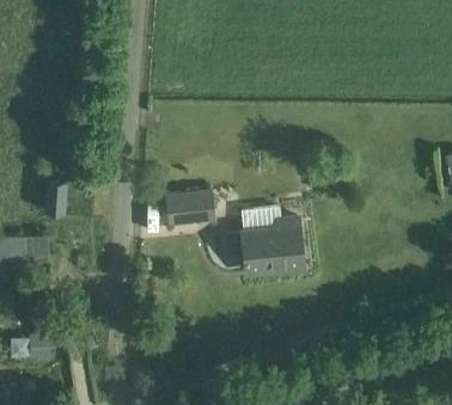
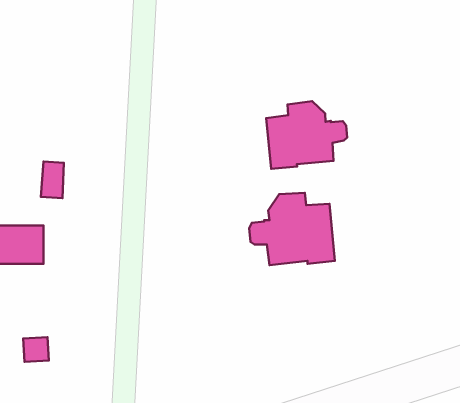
building: none -> [266,101,347,169]
building: [165,191,215,225] -> none

